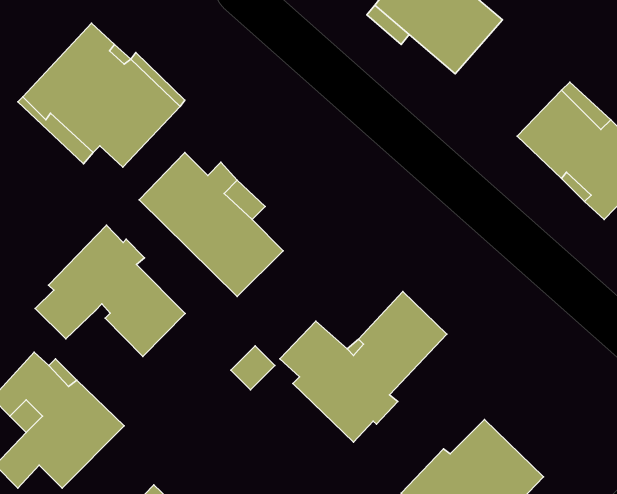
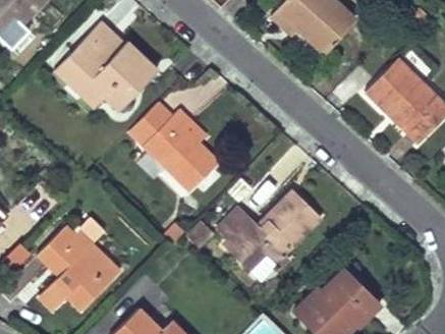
building: [35,225,185,357] -> none

